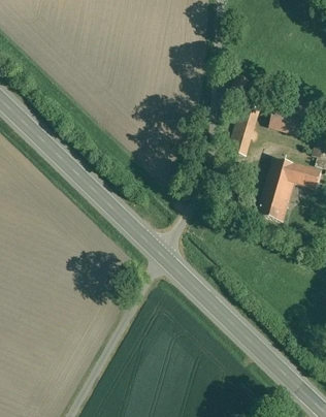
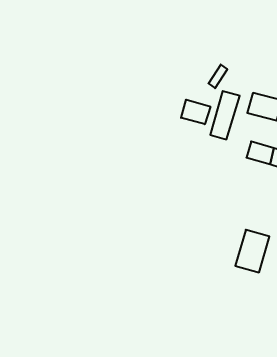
building: none -> [181,100,210,124]
building: [257,175,294,222] -> [235,230,269,272]

